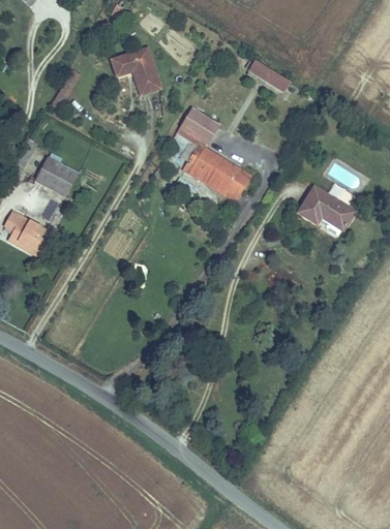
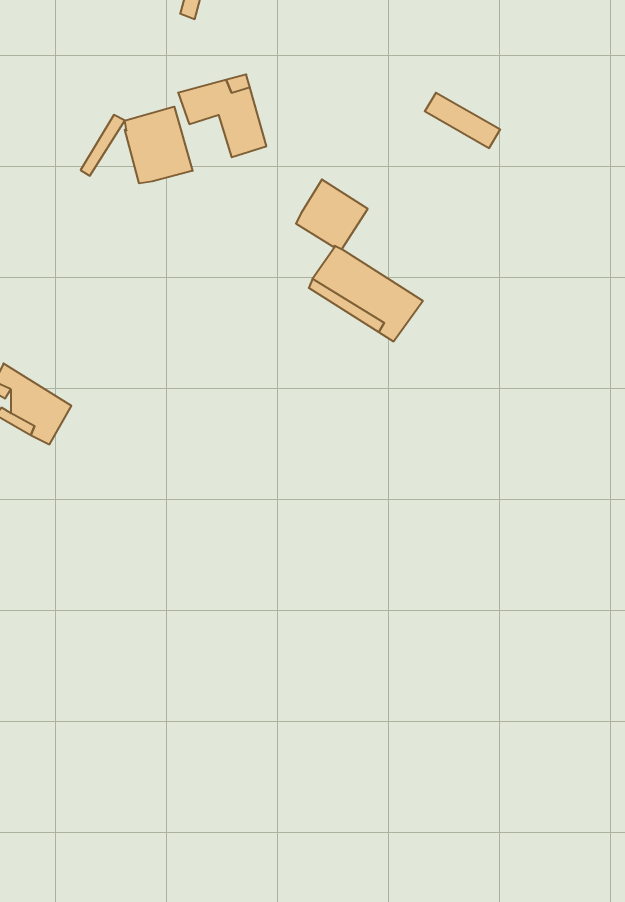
building: none -> [125,107,193,183]
building: [35,158,77,196] -> none
building: [299,189,355,230] -> none

